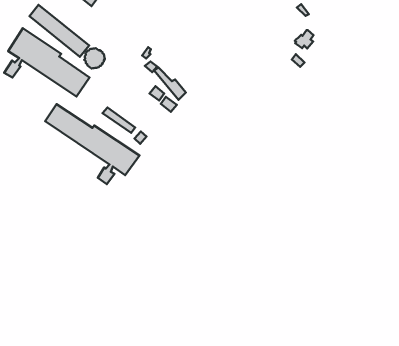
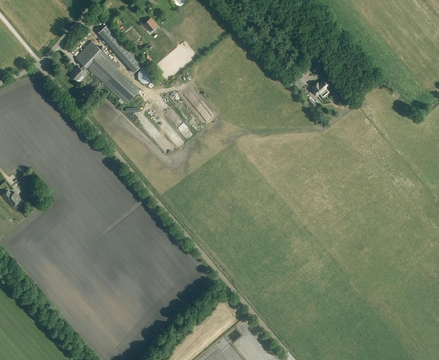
building: [45,104,139,184] -> none

